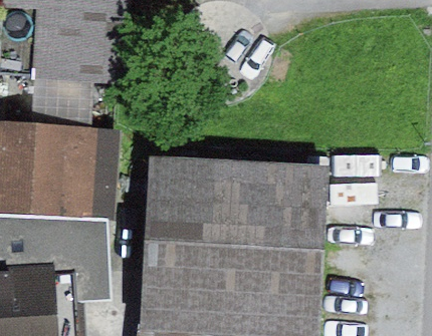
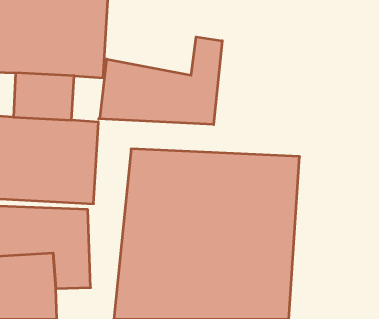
building: none -> [99,37,222,125]

